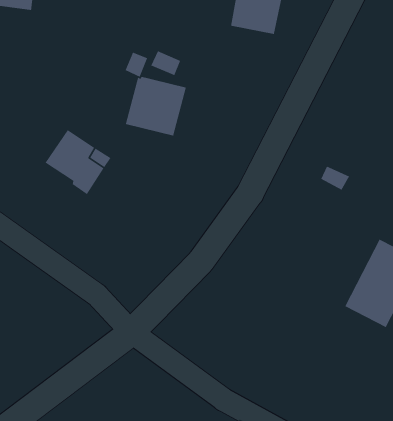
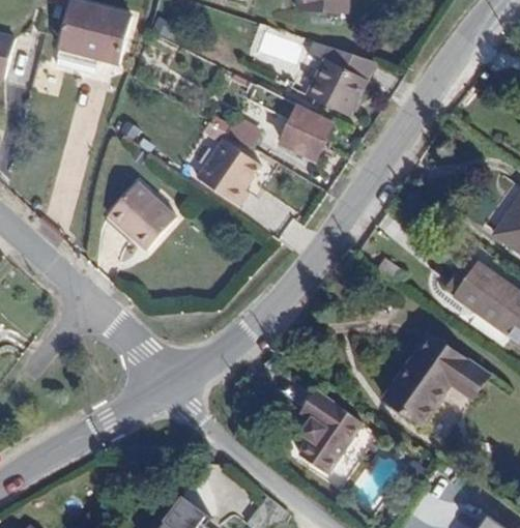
building: none -> [247,84,331,158]
building: none -> [299,389,363,473]

